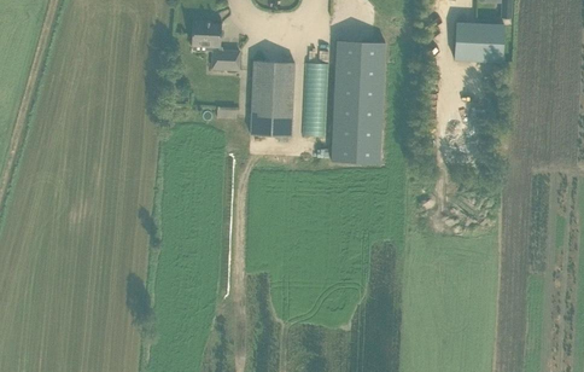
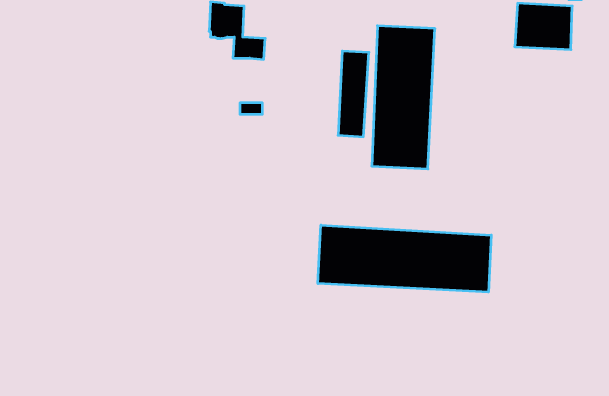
building: [250,59,294,135] -> none
building: none -> [318,225,491,292]

